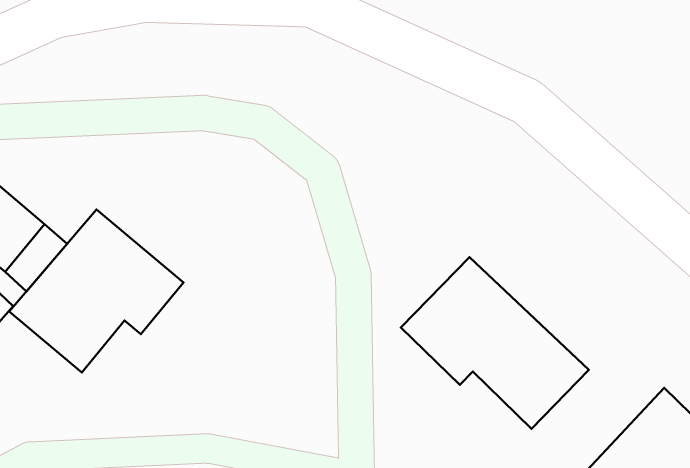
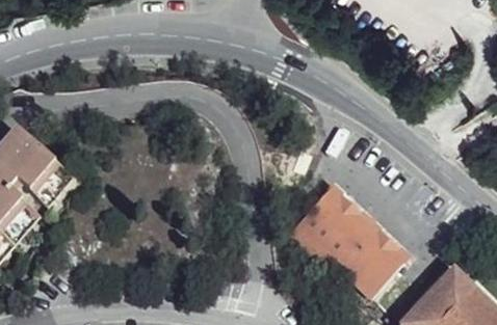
building: [9,210,183,372] -> none

